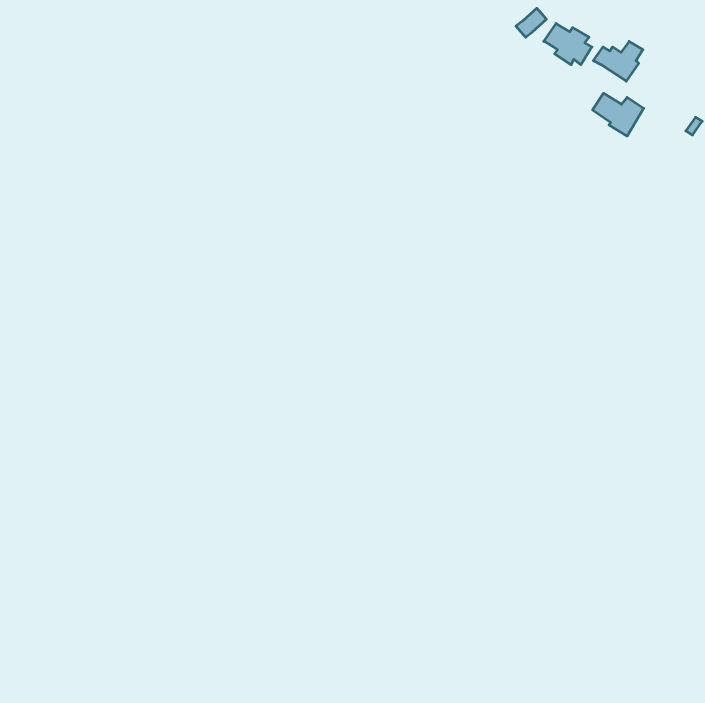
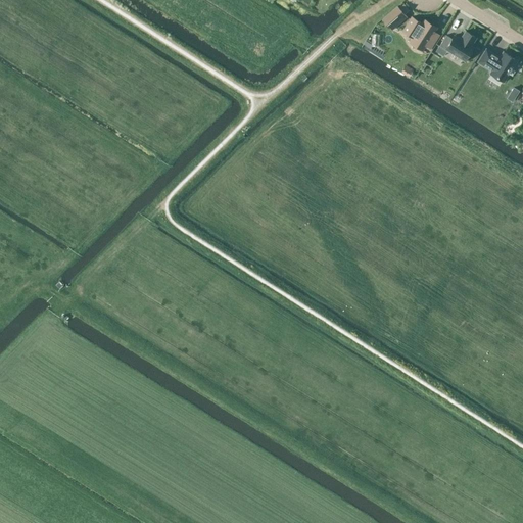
building: [593,93,644,136] -> [478,50,516,82]

